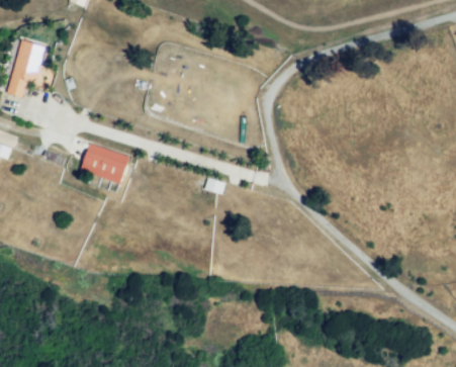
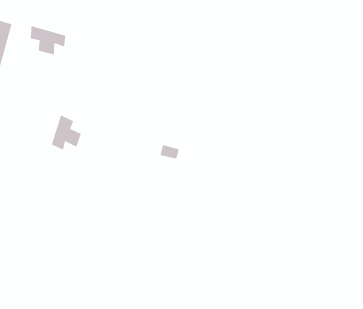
building: none -> [30,25,66,56]

